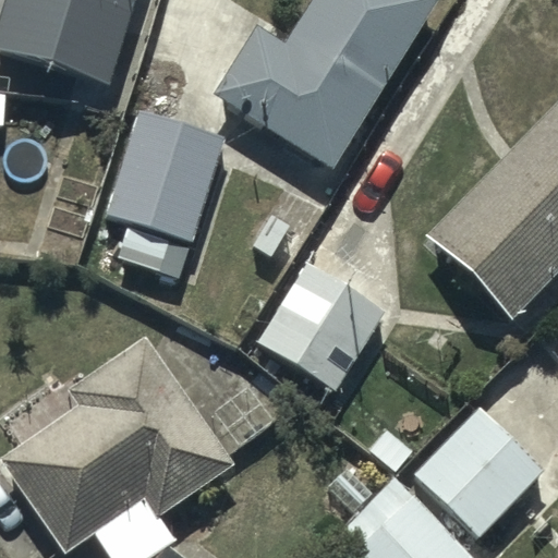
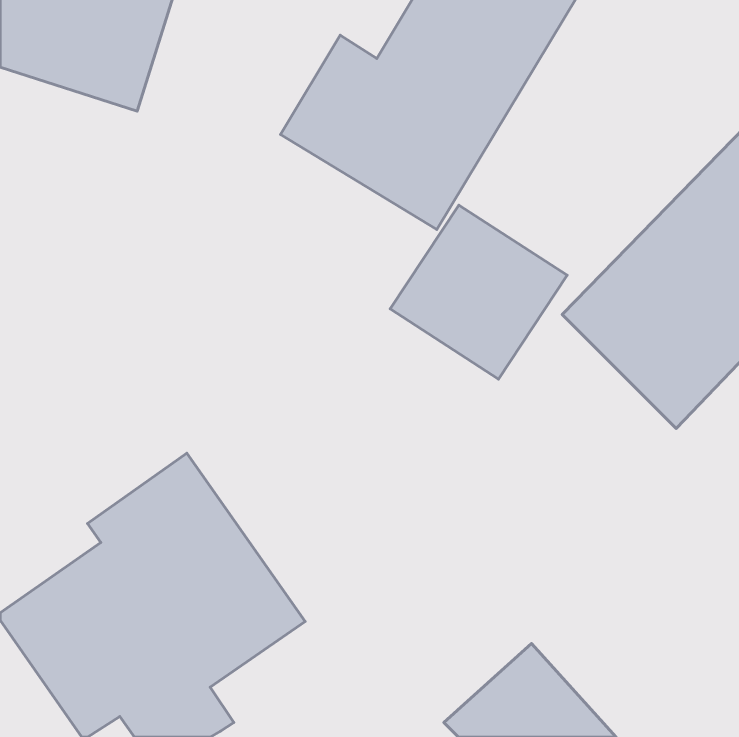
building: [105,112,222,277] -> none
building: [257,262,389,391] -> [390,205,567,379]
building: [415,405,543,534] -> none

